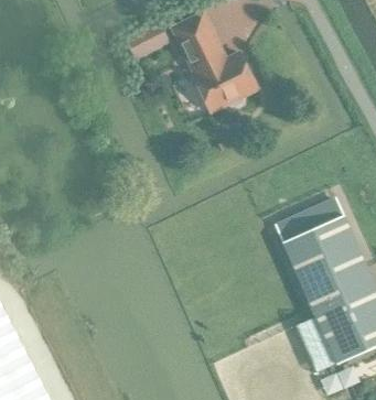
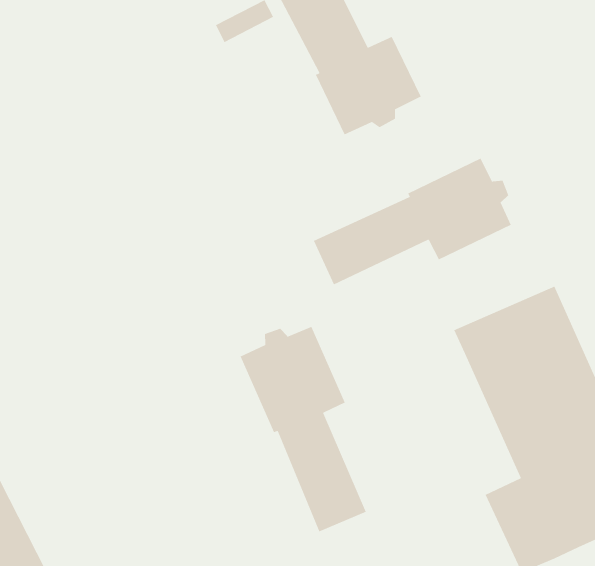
building: none -> [313,158,512,285]
building: none -> [240,326,367,532]

